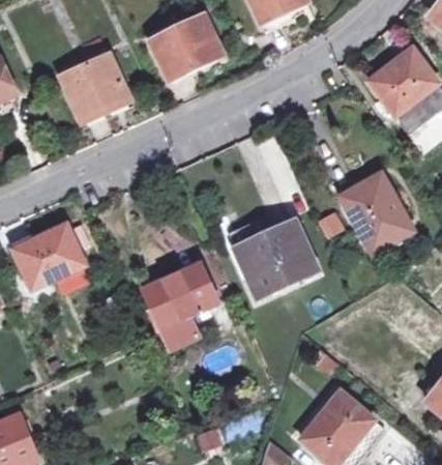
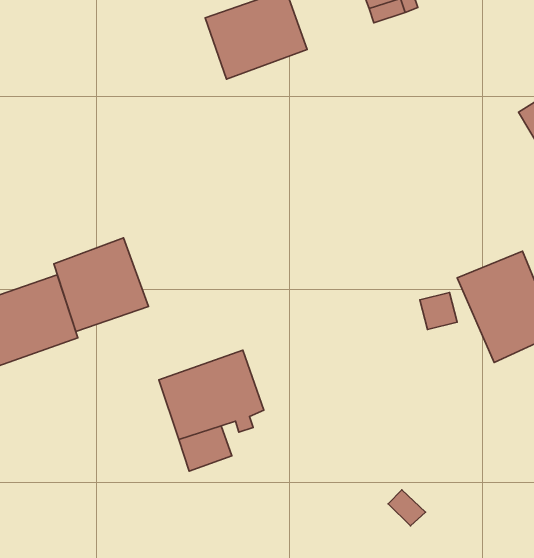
building: [61,56,126,117] -> none
building: none -> [54,238,148,331]
building: [234,219,317,295] -> none

